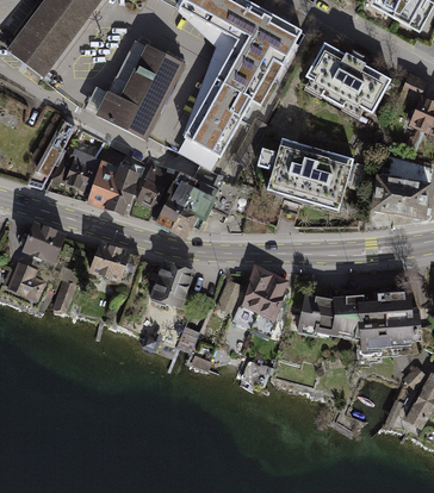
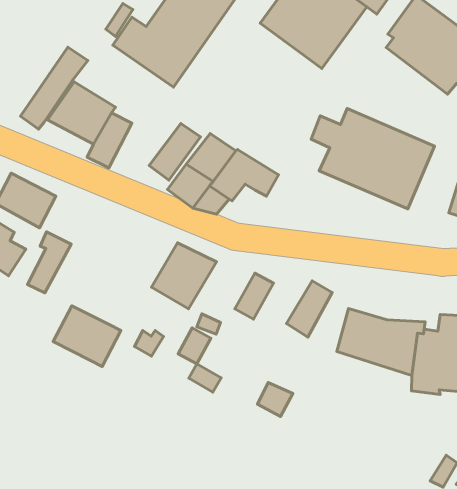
building: [174,81,258,168] -> none
building: [103,166,137,216] -> none
building: [87,241,138,285] -> [53,306,121,367]
building: [238,267,272,311] -> none

